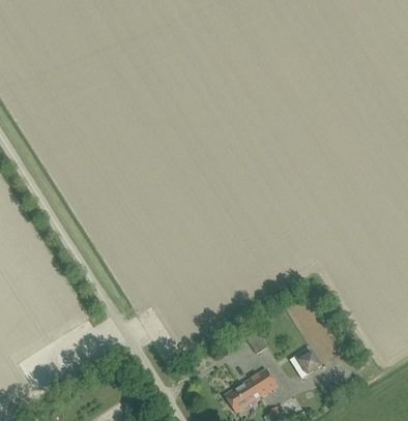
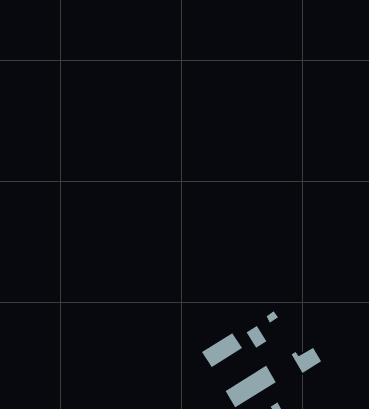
building: none -> [201,332,243,368]

